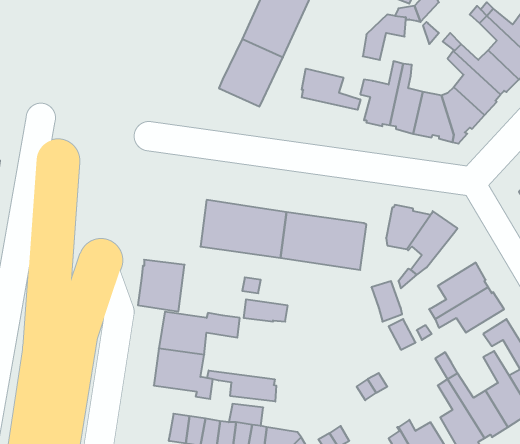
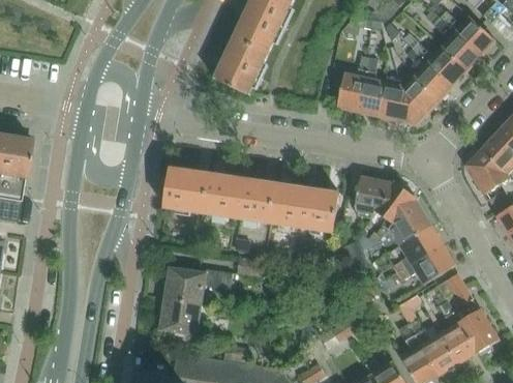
building: [302,69,360,110] -> none
building: none -> [390,200,431,245]
building: [138,260,185,311] -> [165,169,205,212]
building: [207,370,276,402] -> none

